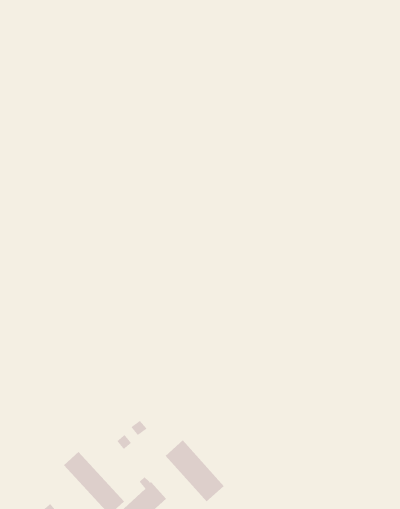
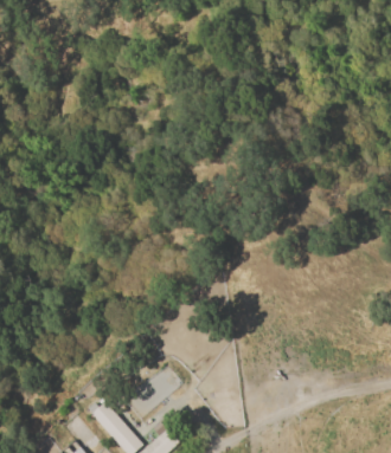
building: [165,439,225,502] -> none

